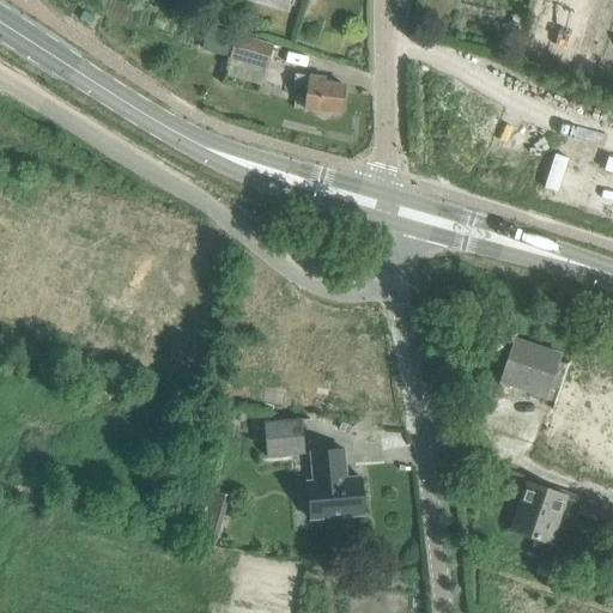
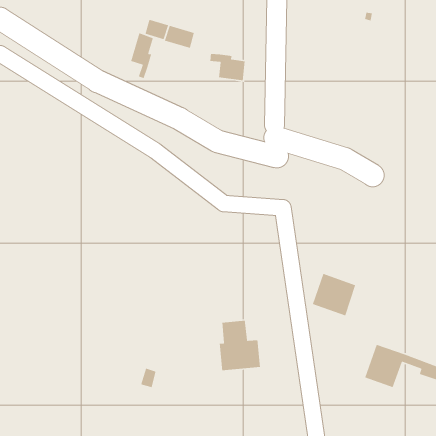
building: none -> [130,32,154,79]
building: [500,338,563,399] -> [312,273,356,317]
building: [265,418,305,456] -> none

